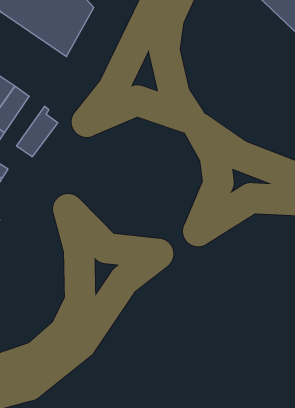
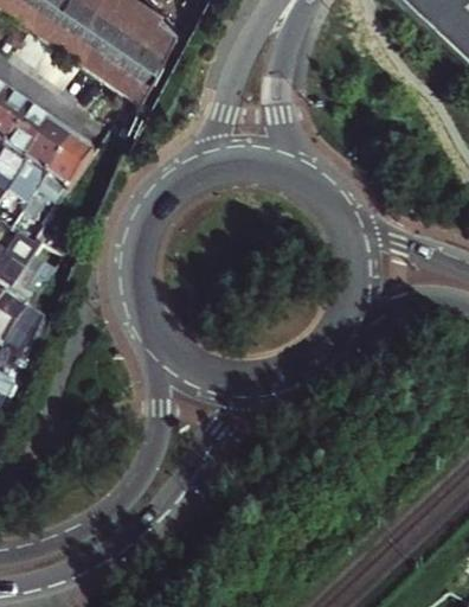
building: [17,106,58,157] -> none

